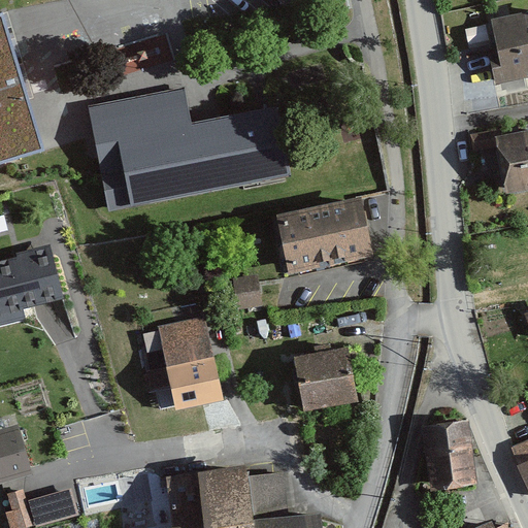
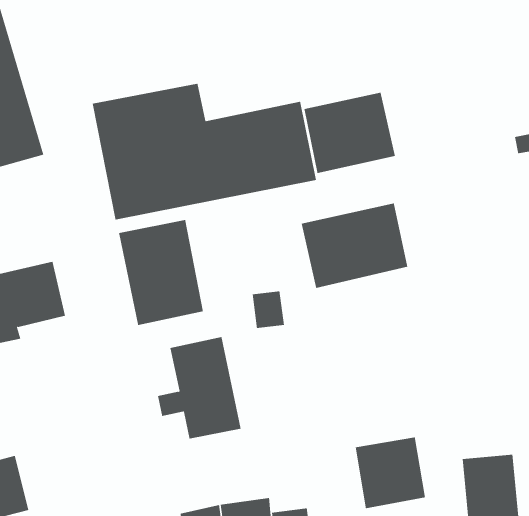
building: none -> [304,92,395,174]
building: none -> [118,219,204,326]
building: [294,344,358,409] -> [355,437,426,509]

